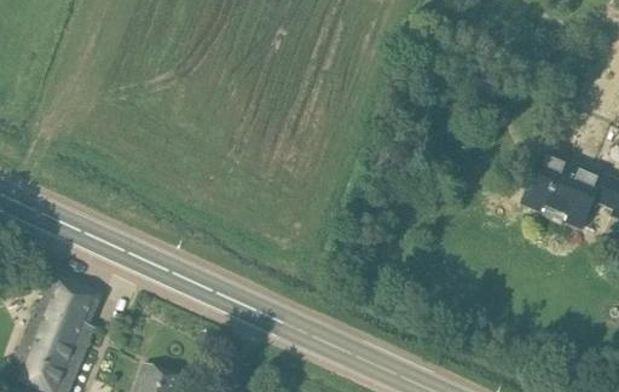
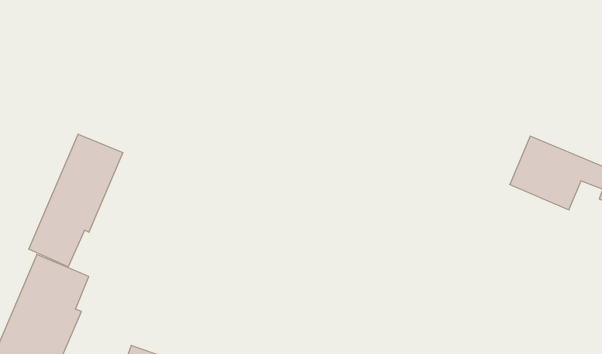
building: none -> [29,134,123,267]

